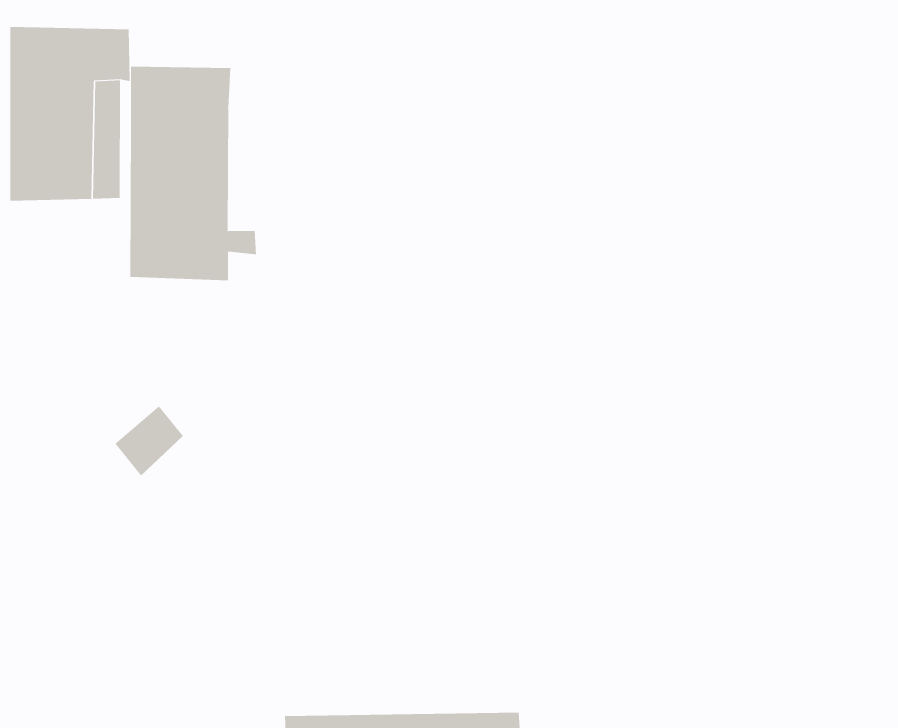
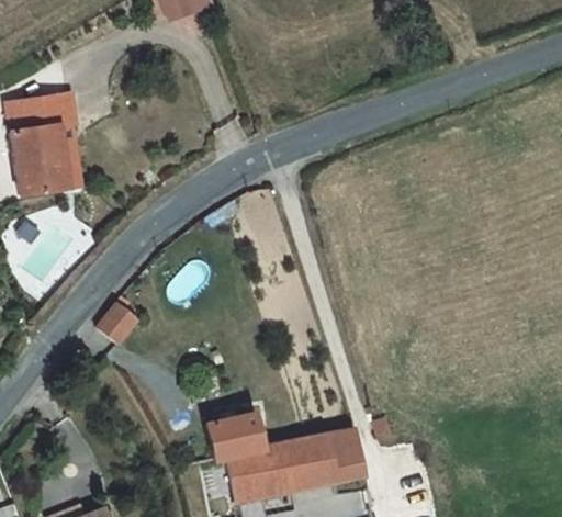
building: [130,66,256,281] -> none
building: none -> [203,412,258,456]

